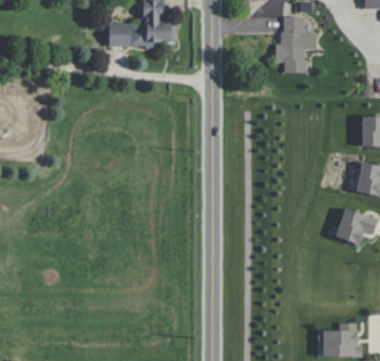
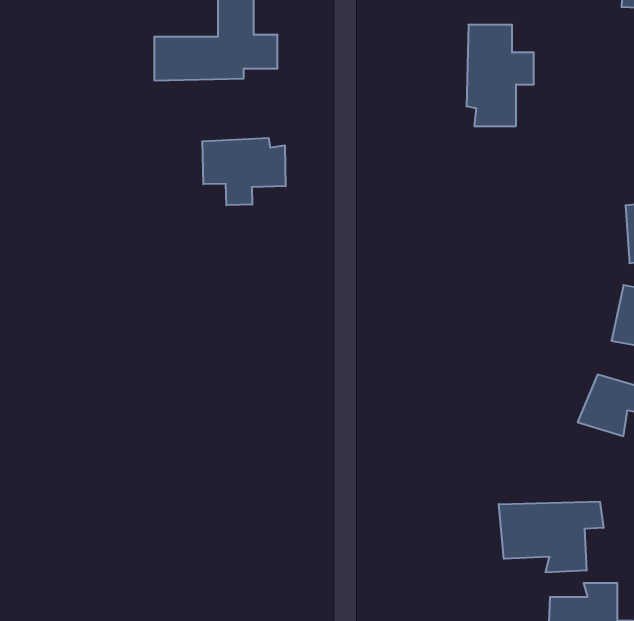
building: none -> [202,138,286,205]
building: none -> [499,502,604,572]

